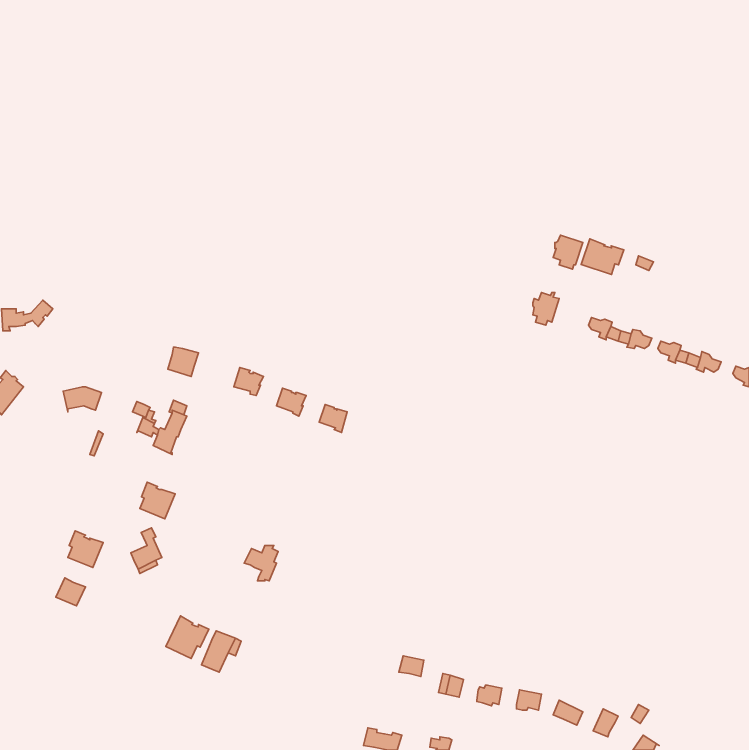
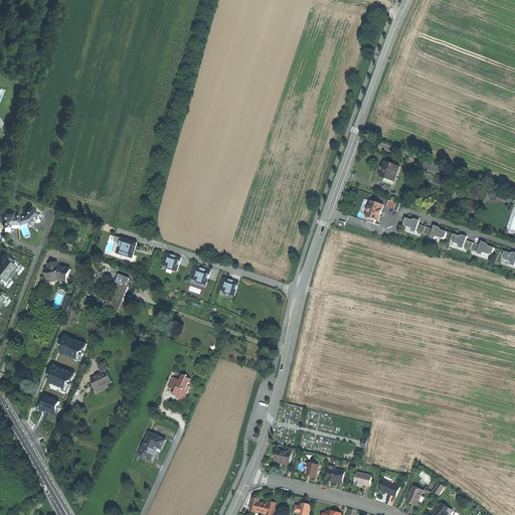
building: [581,239,624,274] -> none
building: [140,482,175,519] -> [58,334,82,359]
building: [166,616,209,659] -> none

